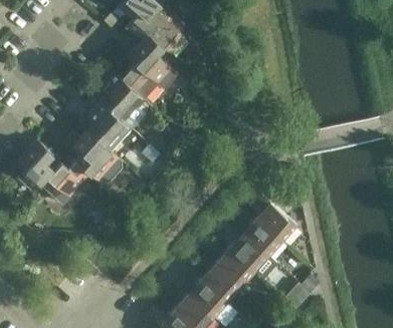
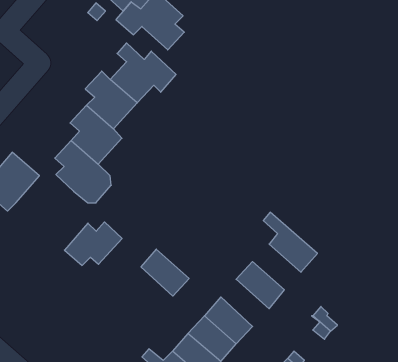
building: [39,159,88,197] -> [64,222,122,265]
building: [241,219,282,258] -> none
building: [214,249,255,289] -> [141,249,189,296]

